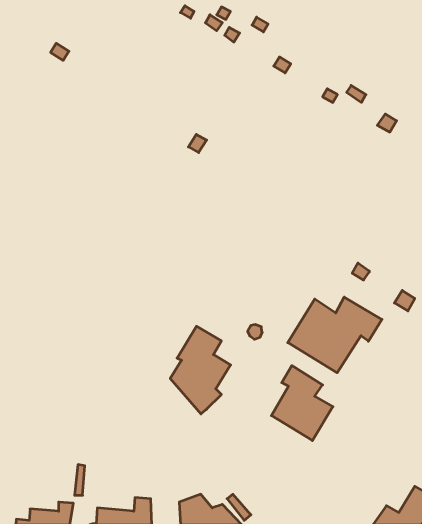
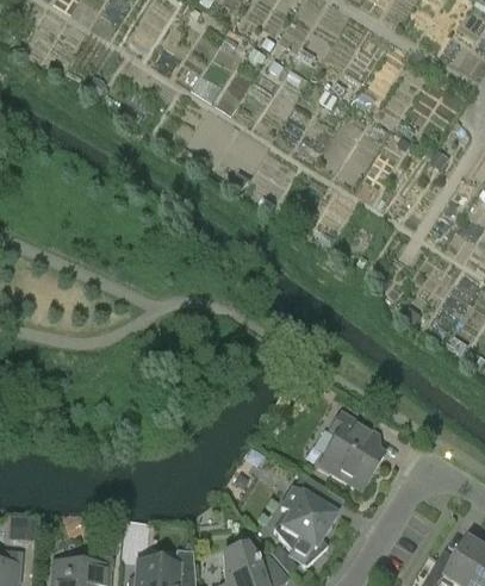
building: [288,297,382,373] -> none
building: [170,326,231,414] -> [273,475,336,567]

